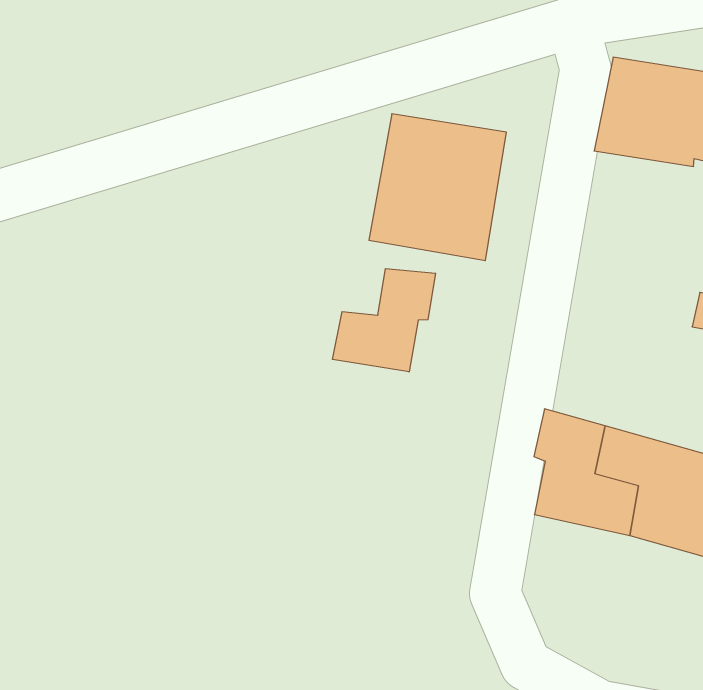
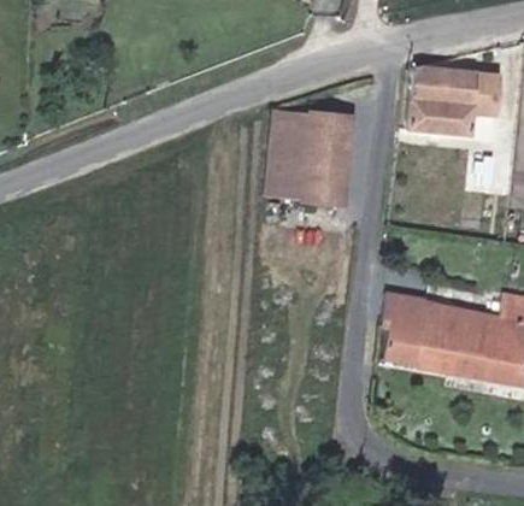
building: [332,269,436,372] -> none

